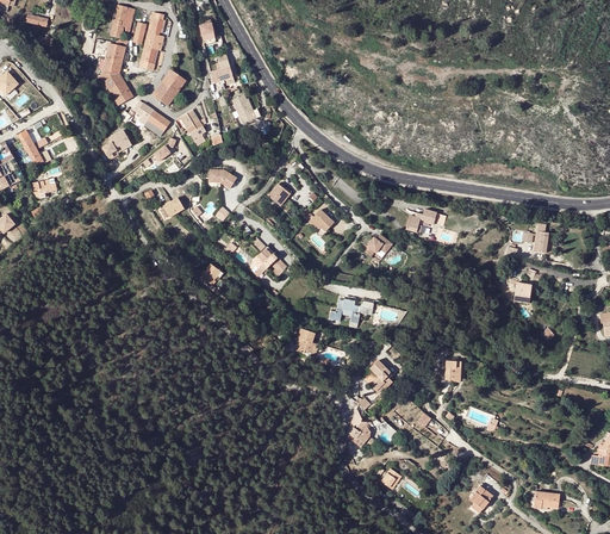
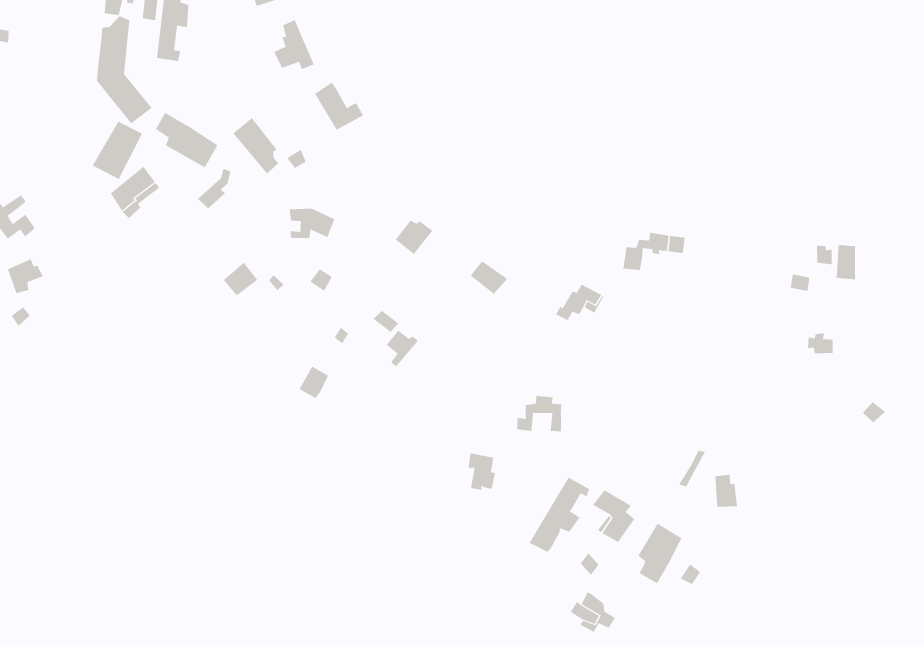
building: [151,69,185,105] -> [92,121,143,180]
building: none -> [529,477,590,553]
building: none -> [637,523,682,584]

